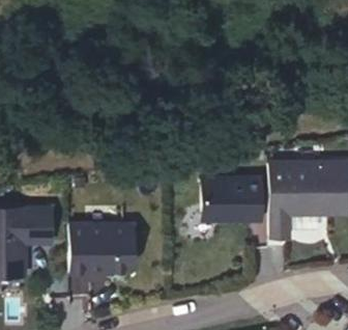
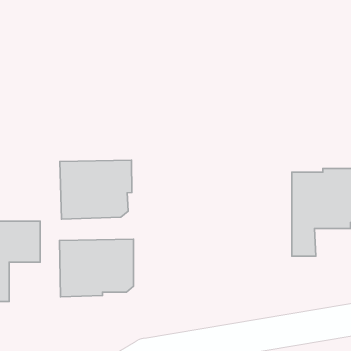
building: none -> [60,160,132,219]
building: [202,180,263,222] -> none

